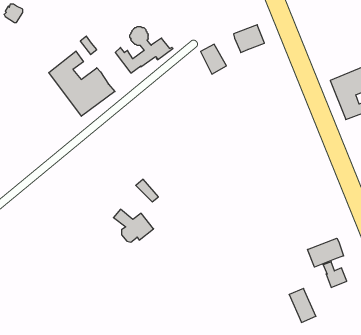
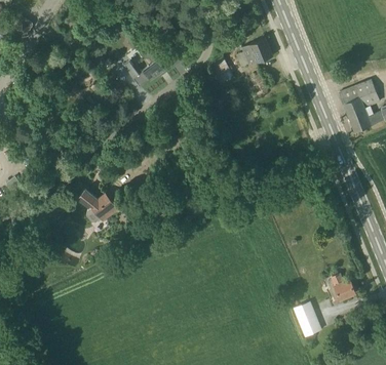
building: [49,51,115,116] -> none
building: [113,209,154,242] -> [76,190,116,222]
building: [308,238,344,267] -> none

